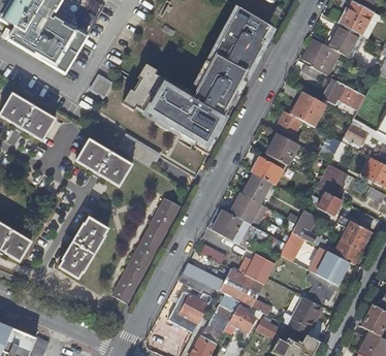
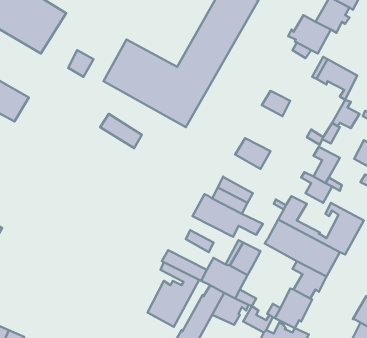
building: [289,91,324,127] -> none
building: [265,133,297,165] -> none
building: [74,137,132,186] -> none
building: [239,172,269,203] -> none
building: [109,195,179,302] -> none
building: [57,216,106,279] -> none

